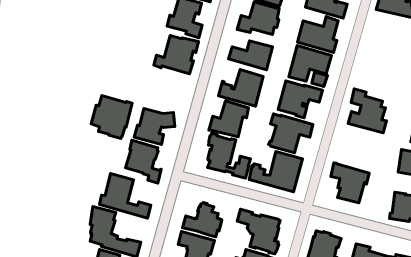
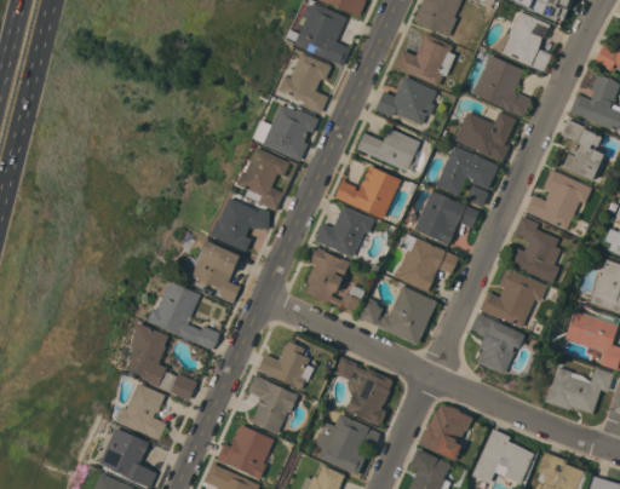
building: none -> [559,120,603,180]
building: none -> [524,169,591,230]
building: [91,96,132,139] -> [236,148,297,211]
building: none -> [481,267,546,328]

